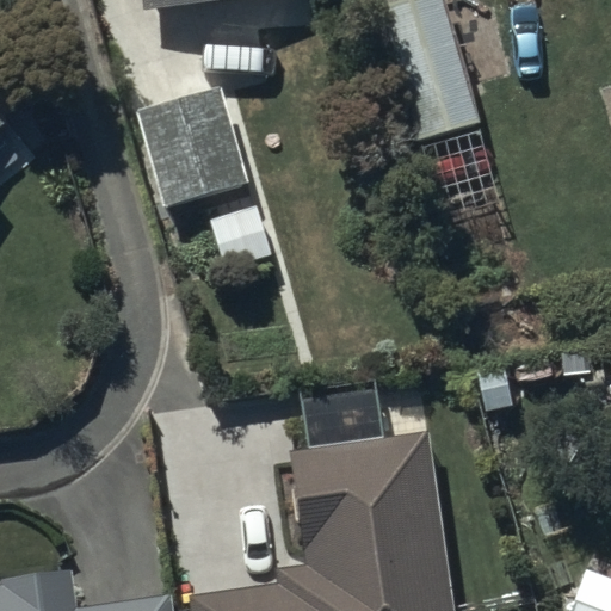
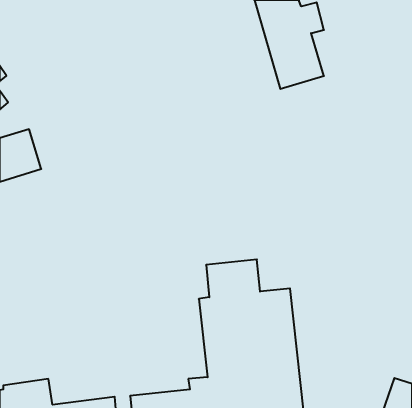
building: [140,101,249,218] -> none

